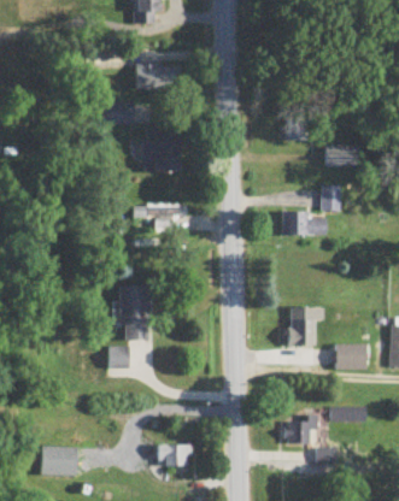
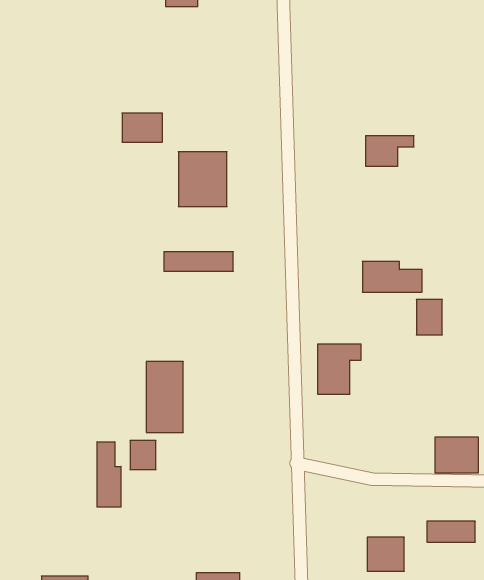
building: [137,64,178,88] -> none
building: [325,146,360,166] -> none
building: [321,184,340,211] -> [416,299,442,335]
building: [291,307,323,344] -> [318,344,361,394]
building: none -> [97,442,121,507]

